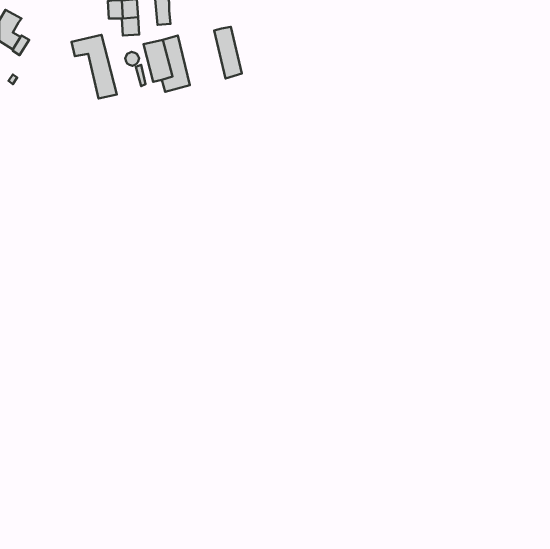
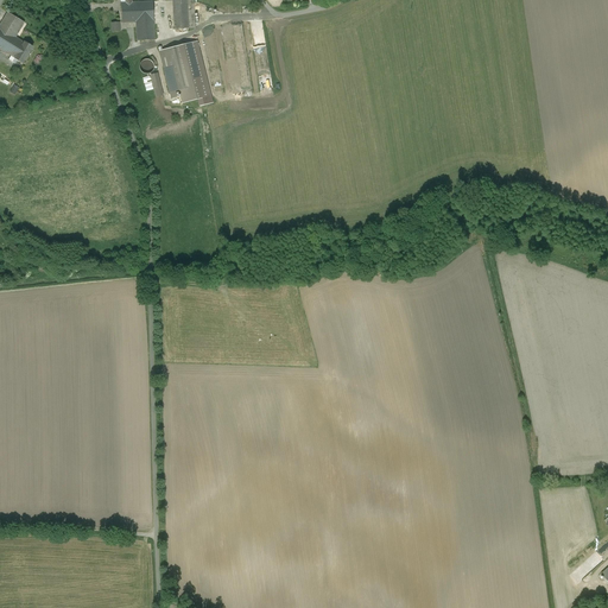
building: [214,27,242,78] -> none
building: [72,35,117,98] -> none

